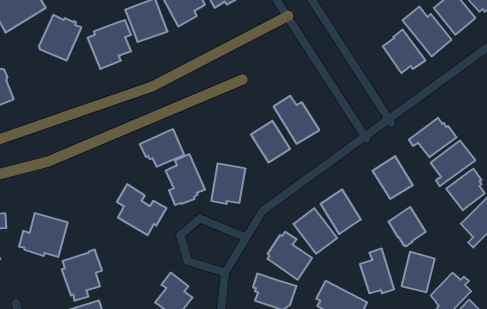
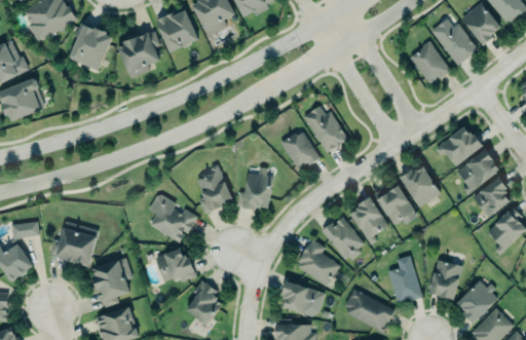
building: [140,129,184,167] -> none
building: [388,207,426,246] -> [377,186,414,225]
building: none -> [155,247,195,281]

